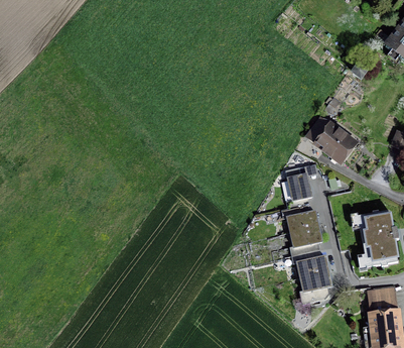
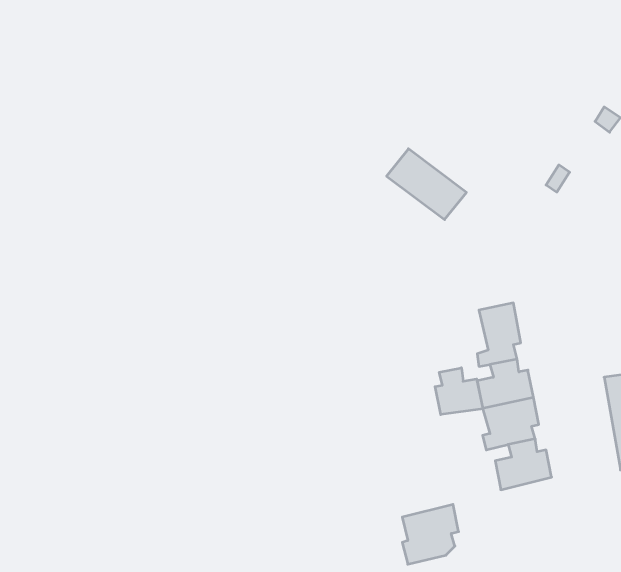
building: [309,119,354,158] -> [387,149,466,220]
building: none -> [435,368,483,415]
building: [300,269,331,303] -> [402,504,459,564]

